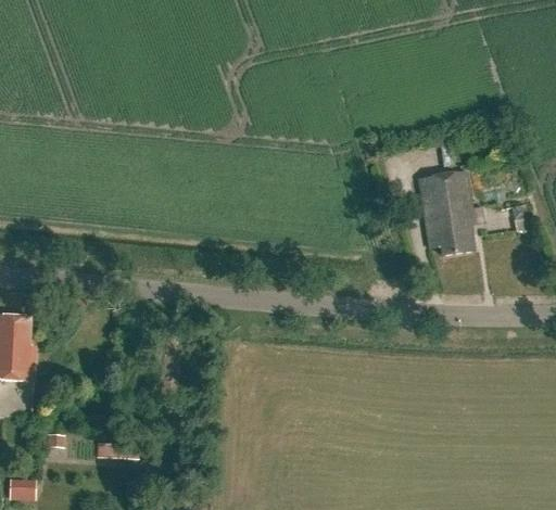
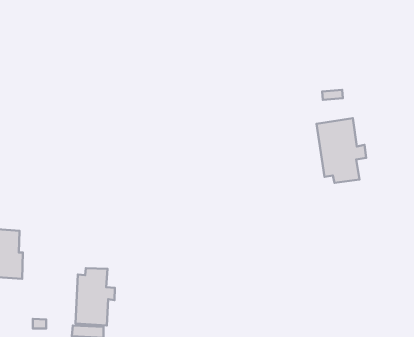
building: none -> [75,268,115,325]

